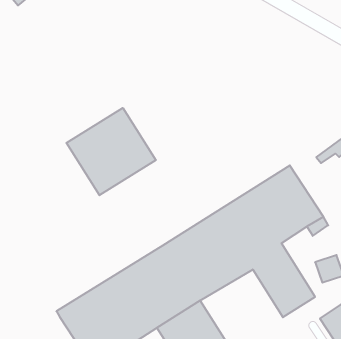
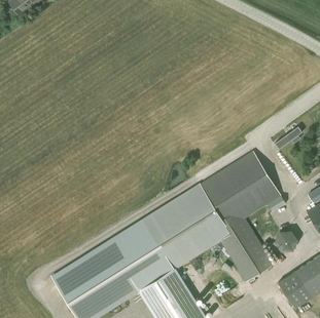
building: [66,108,156,195] -> none

